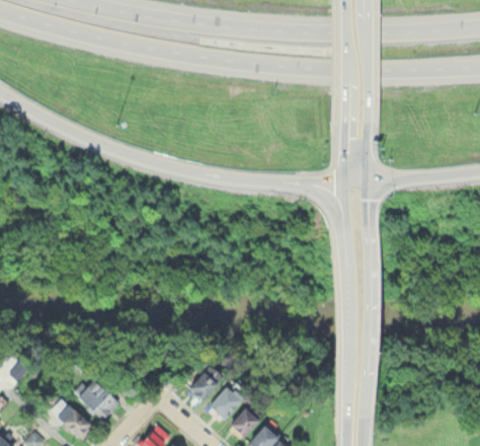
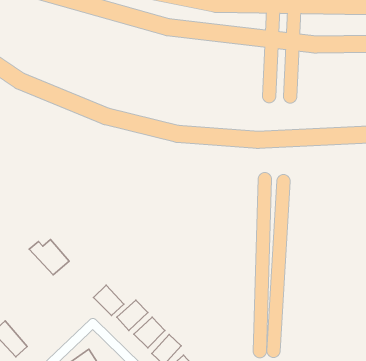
building: none -> [94,285,124,316]
building: [74,382,119,422] -> [29,239,69,275]

